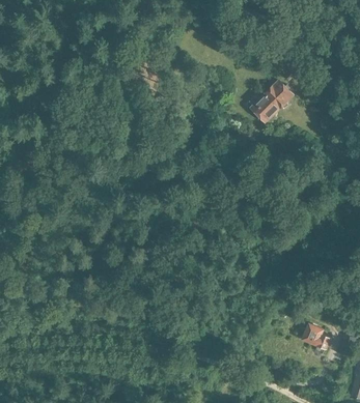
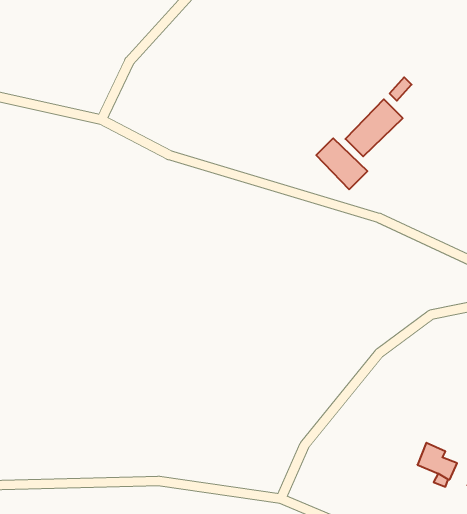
building: none -> [316,138,367,189]

